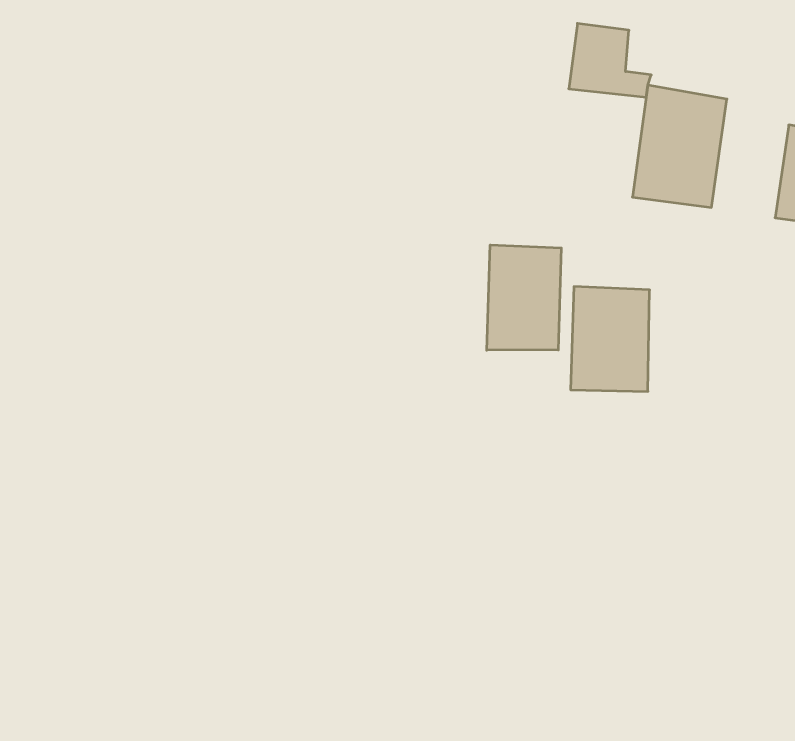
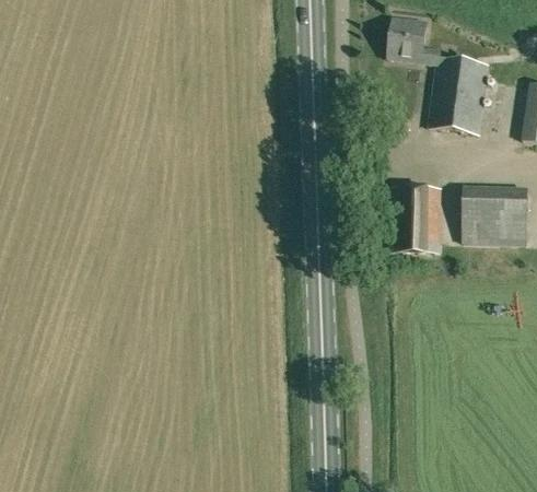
building: [487,245,561,350] -> none
building: none -> [462,185,527,244]

